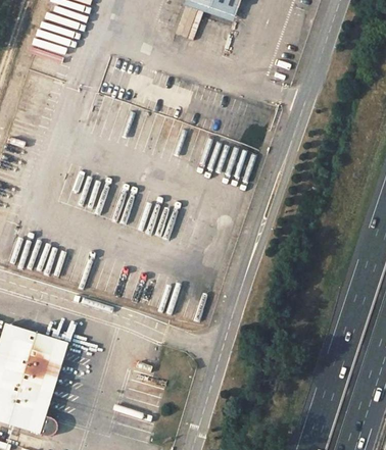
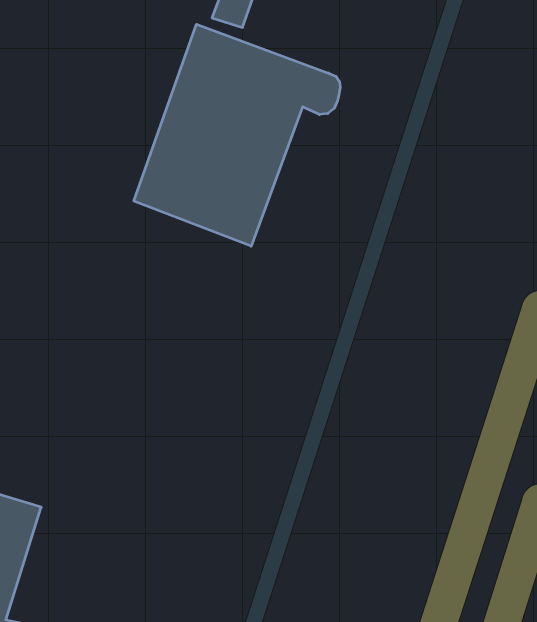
building: none -> [134,24,340,246]

